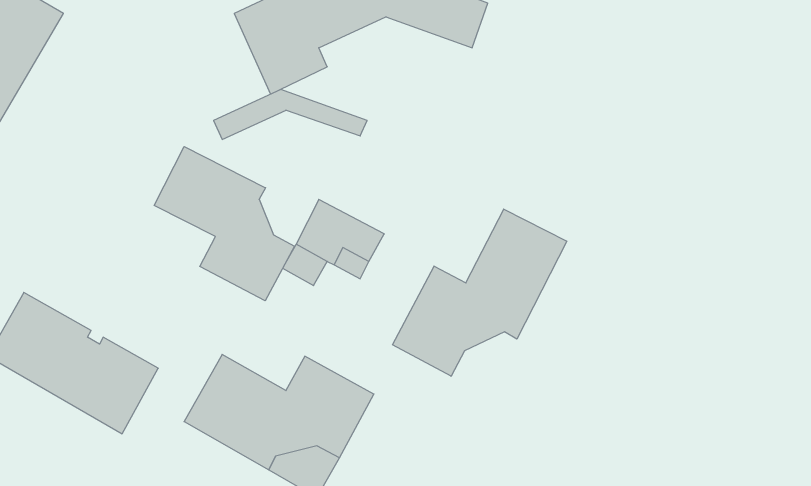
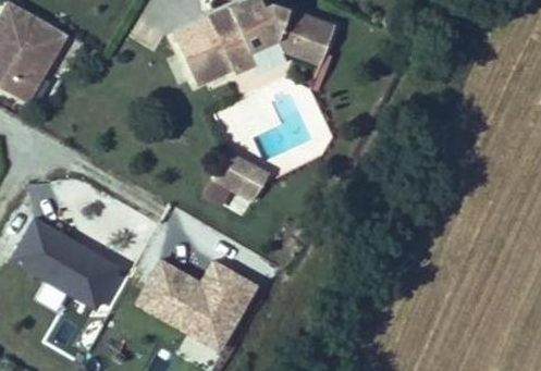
building: [214,89,367,139] -> [226,38,323,70]
building: [154,147,294,301] -> none
building: [393,209,567,376] -> none

